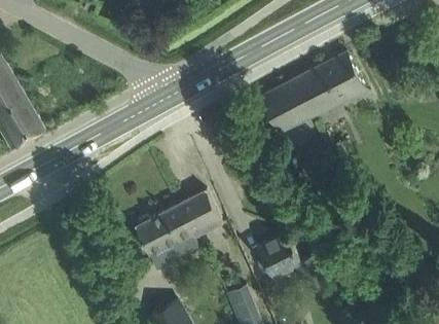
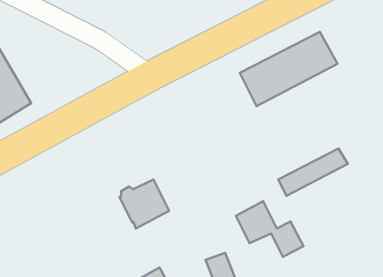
building: none -> [278,148,348,196]
building: [172,190,223,242] -> none

